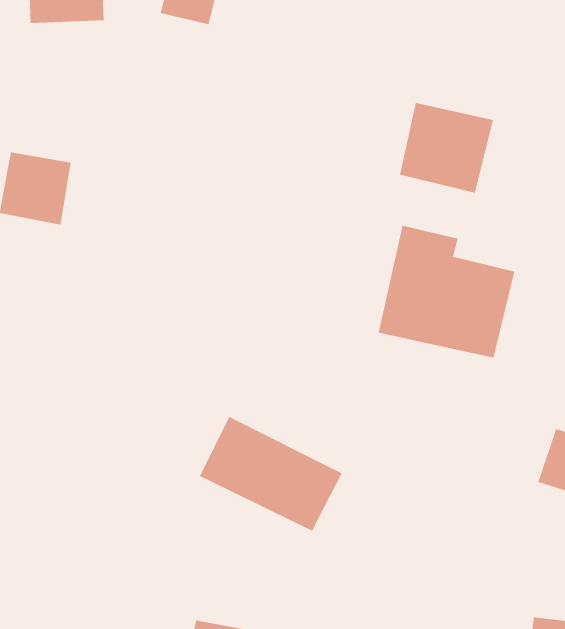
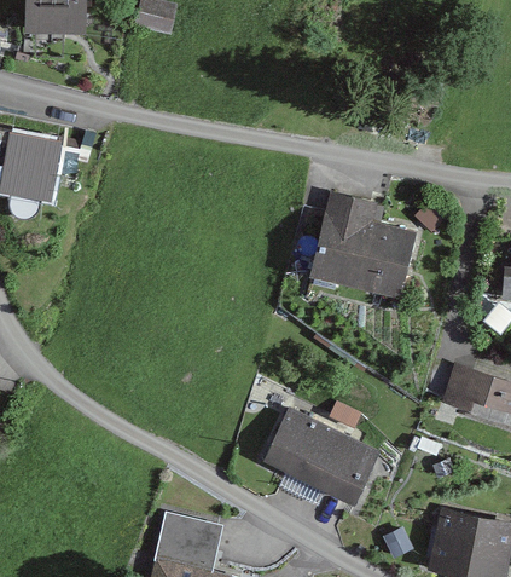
building: [400,102,493,194] -> none
building: [199,416,342,531] -> [262,410,378,503]

